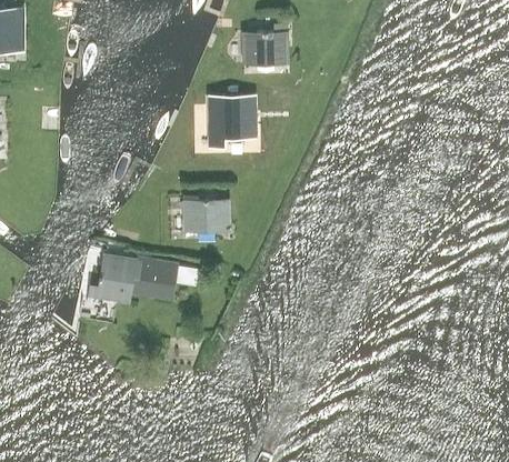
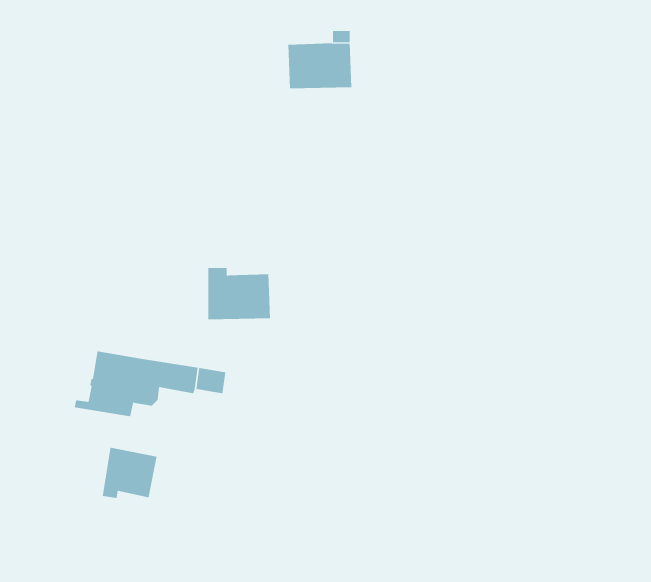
building: [209,97,256,139] -> none
building: none -> [102,447,157,499]

